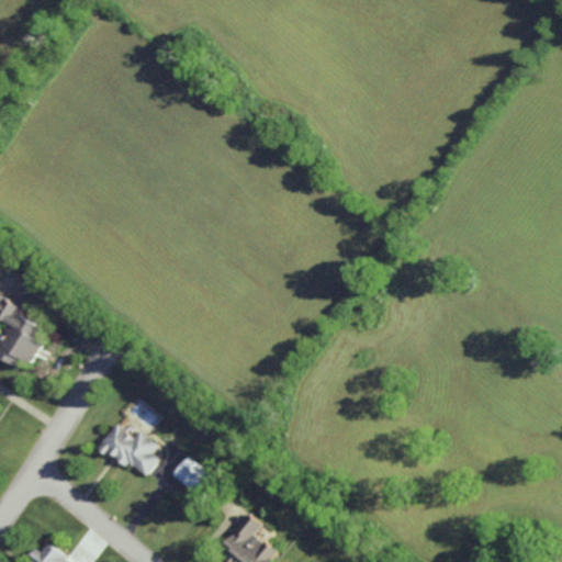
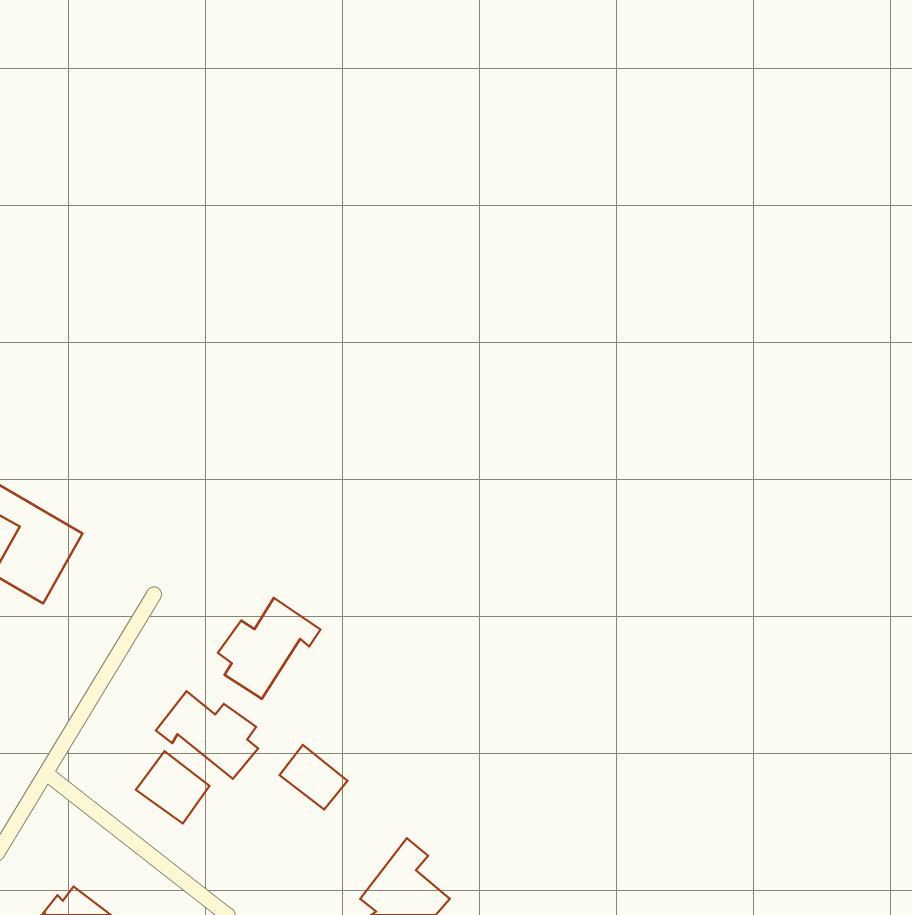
building: none -> [218,598,320,699]
building: none -> [136,751,210,824]

